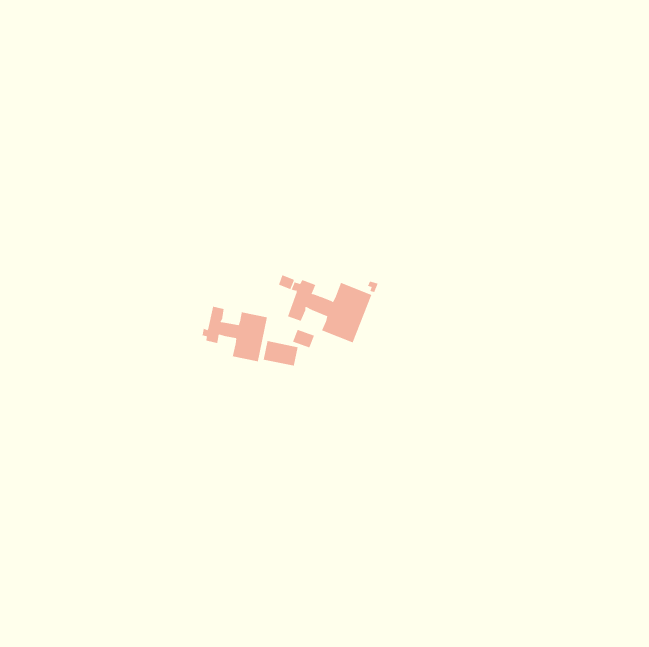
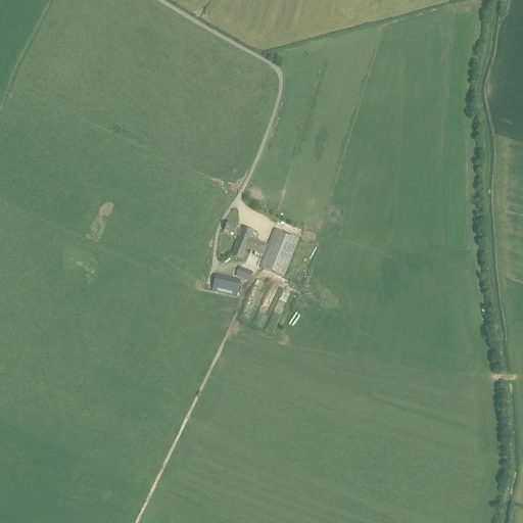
building: [202,306,268,362] -> none

